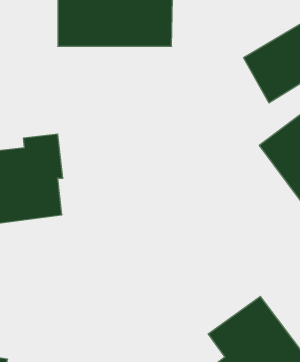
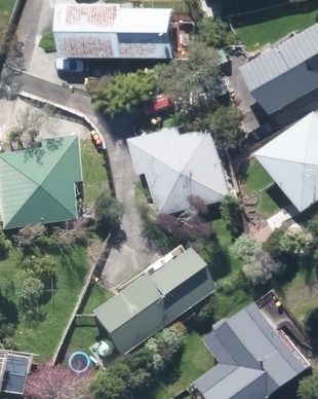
building: none -> [138,126,235,213]
building: none -> [90,256,205,355]

